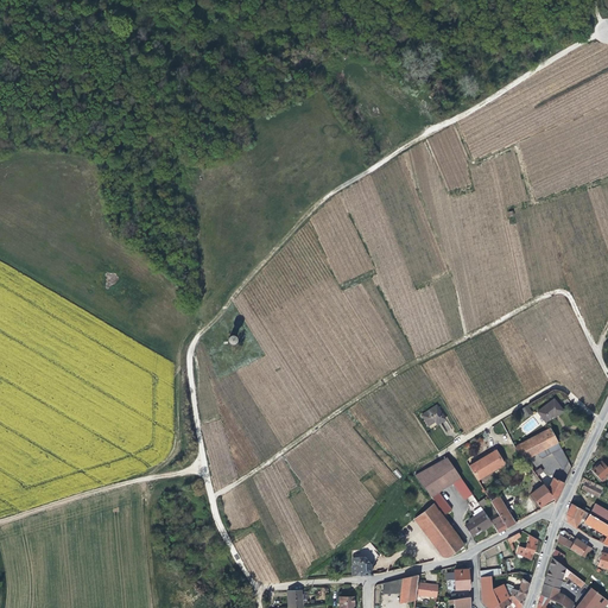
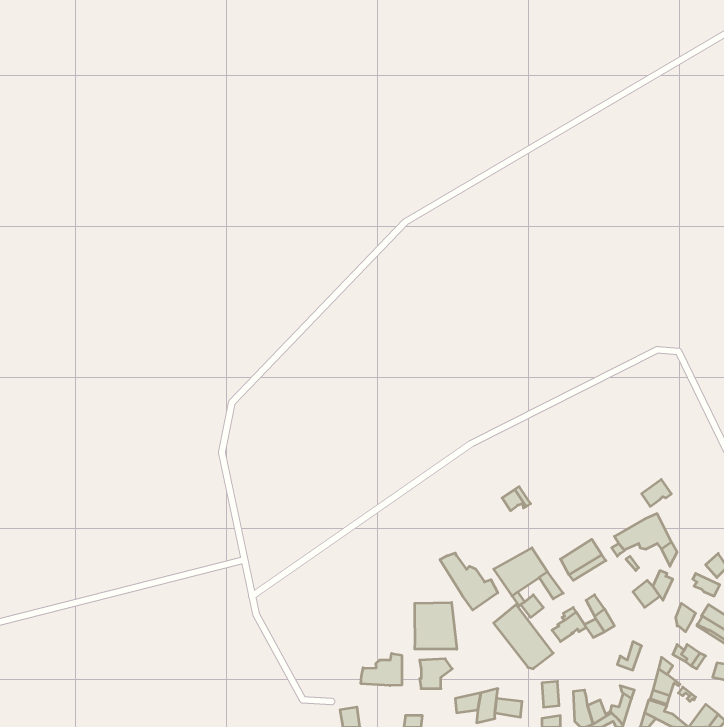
building: none -> [440,553,498,610]
building: none -> [415,602,457,649]
building: none -> [361,653,402,686]

